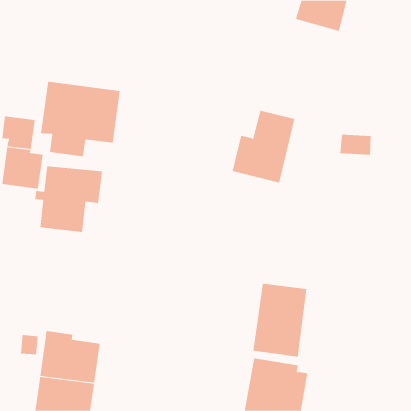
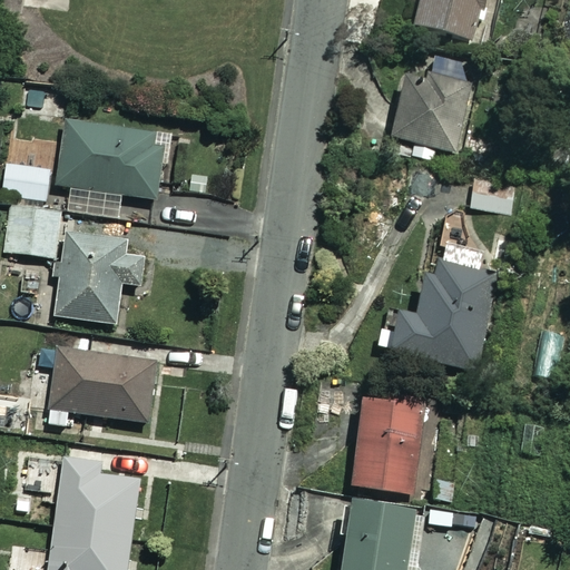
building: [232,110,295,183] -> [386,55,474,156]
building: none -> [386,258,498,371]
building: none -> [47,347,156,426]

